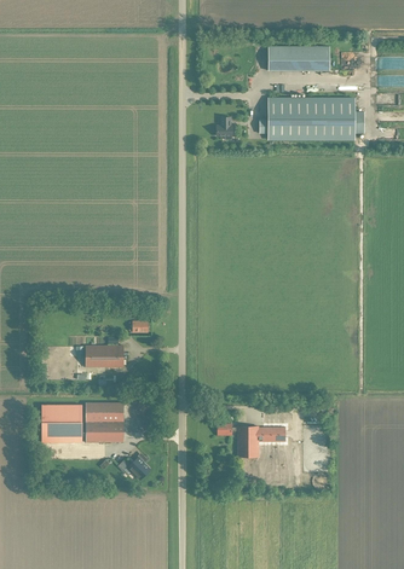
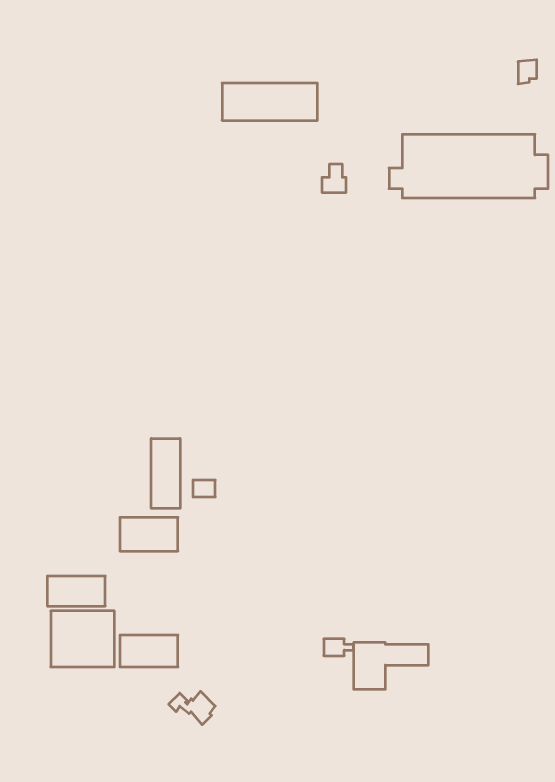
building: [267,46,329,70] -> [222,83,317,120]
building: none -> [151,438,180,508]
building: [86,402,123,422] -> [47,576,105,606]

